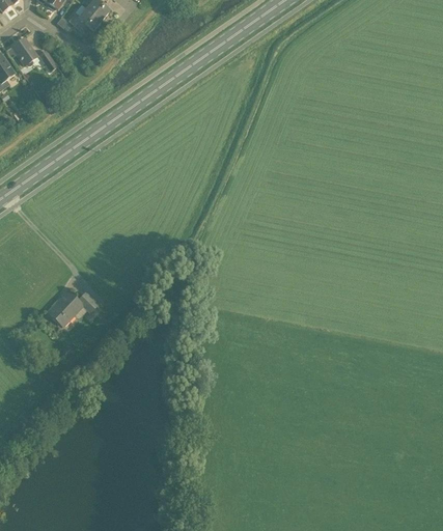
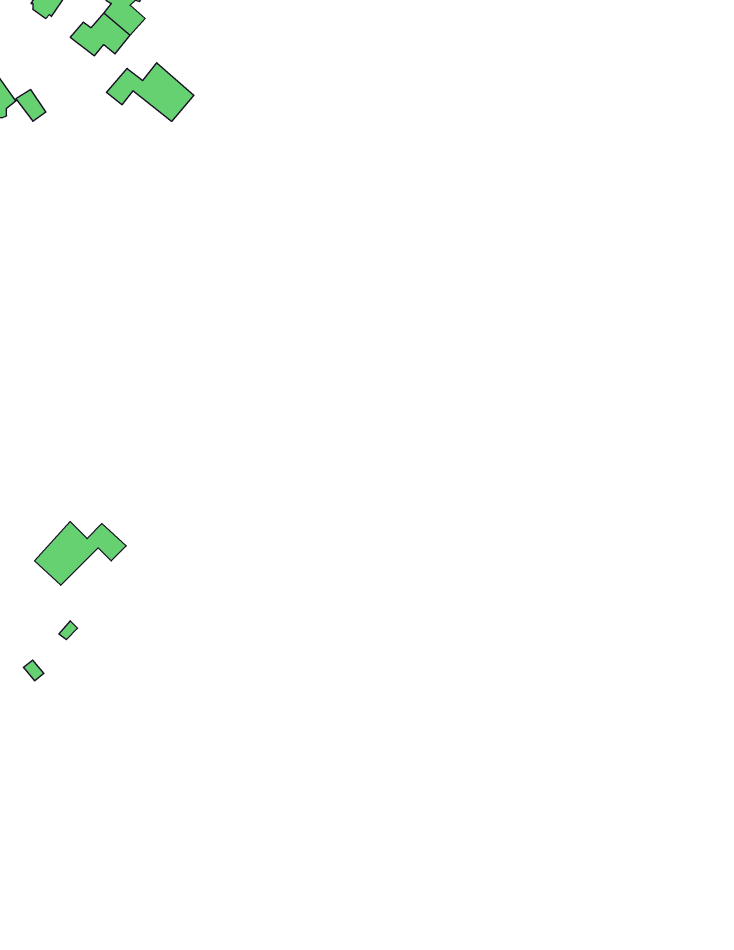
building: none -> [106,63,194,121]

